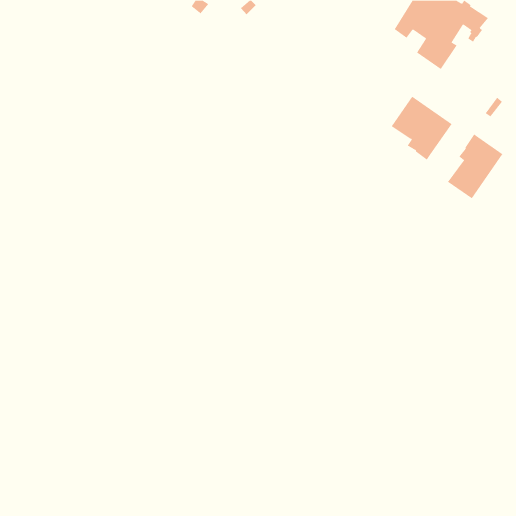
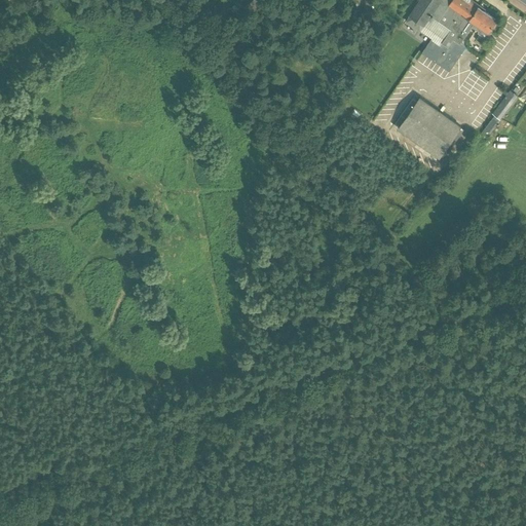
building: [447,133,503,199] -> none

